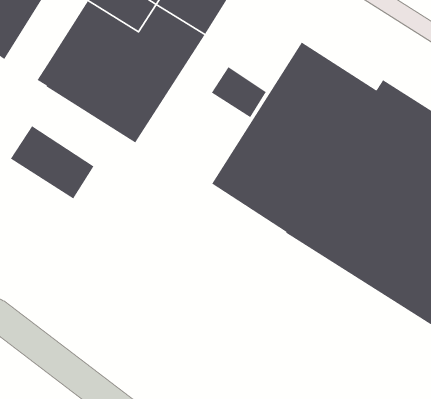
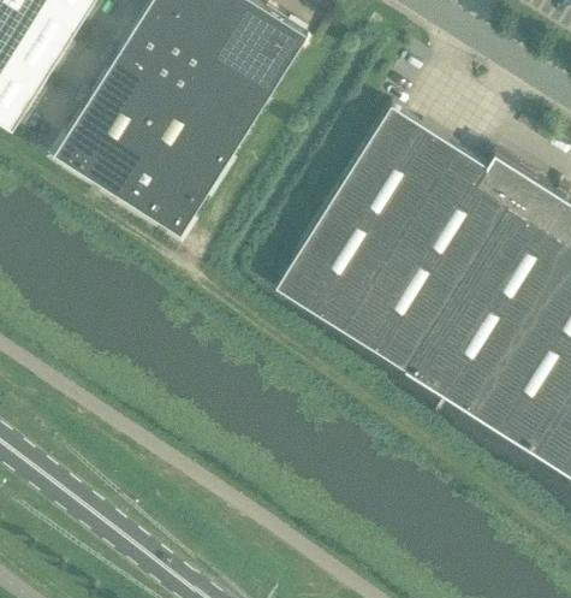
building: [211,66,267,118] -> none
building: [10,125,95,200] -> none

